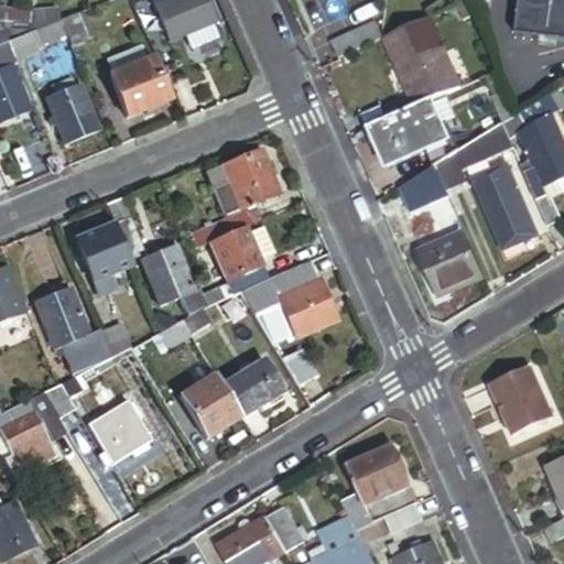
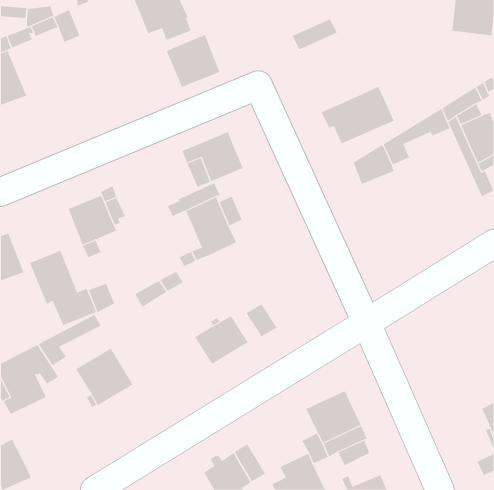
building: [390,18,458,105] -> none
building: [109,55,171,116] -> [166,34,220,87]
building: [46,83,99,142] -> none
building: [473,162,539,249] -> none
building: [424,239,480,295] -> none
building: [143,245,195,303] -> none
building: [239,259,336,344] -> none
building: [492,367,555,435] -> none
building: [181,373,241,437] -> none

